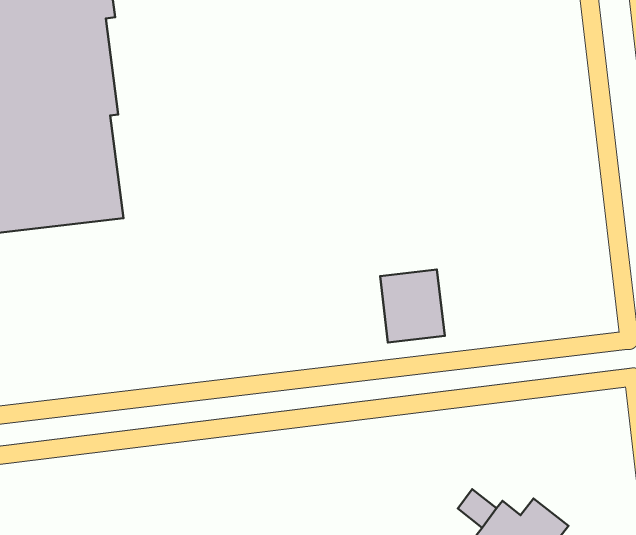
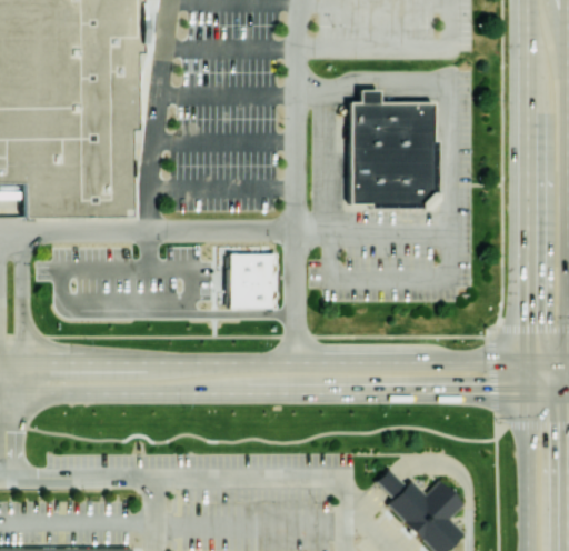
building: none -> [349,89,439,209]
building: [380,269,445,342] -> [231,256,278,310]

